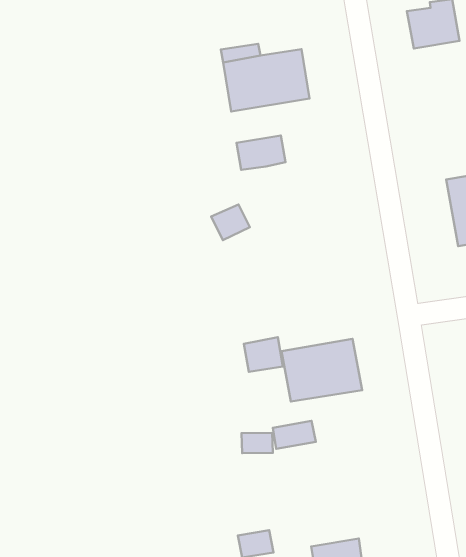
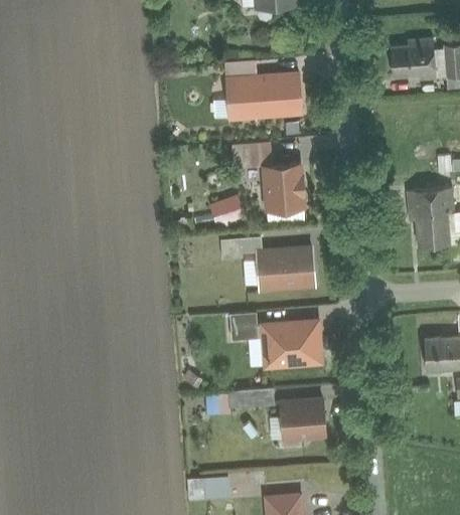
building: none -> [259,163,307,212]
building: none -> [254,245,315,289]
building: none -> [284,397,335,439]

